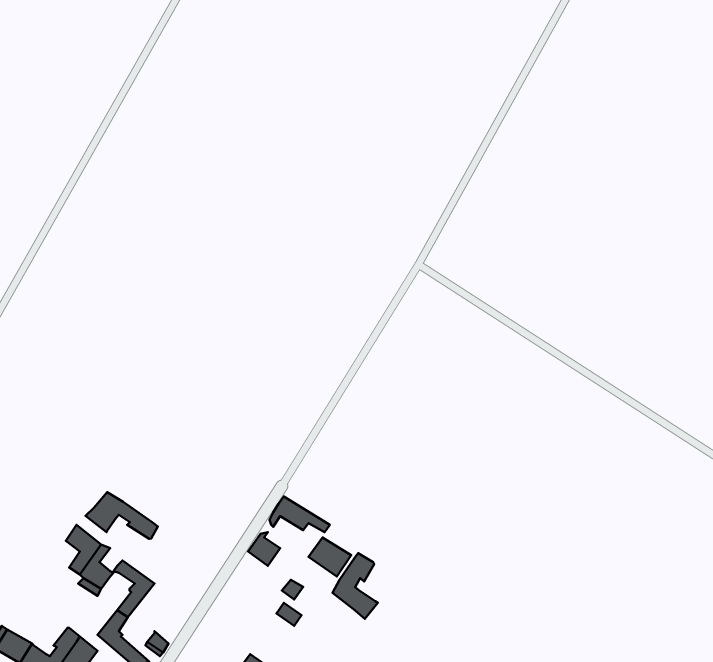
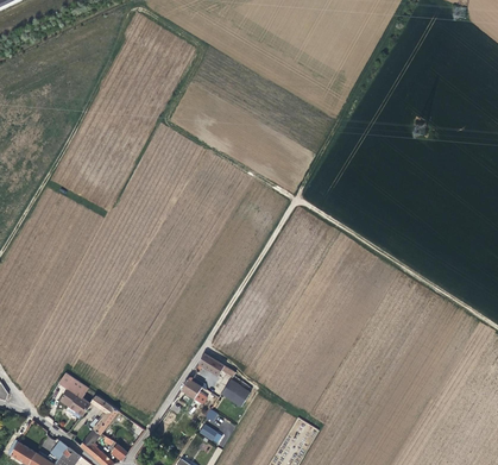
building: [85,492,158,539] -> none
building: [333,553,378,619] -> none

